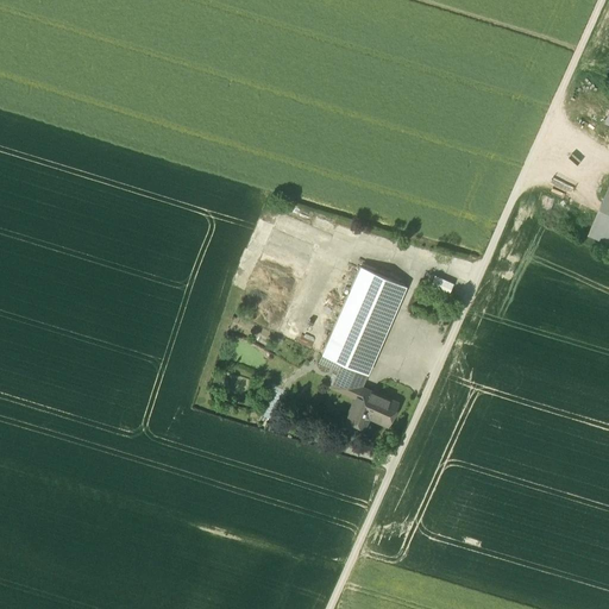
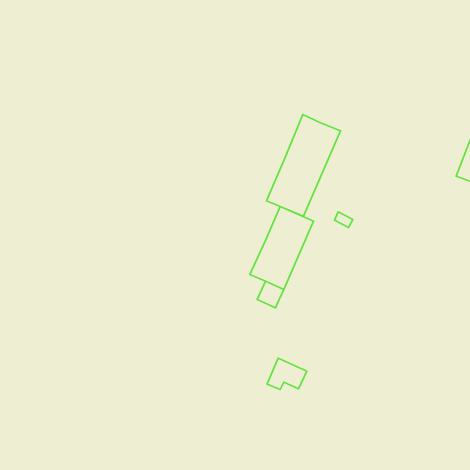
building: none -> [267,115,340,216]
building: [347,388,398,428] -> [267,358,307,390]

